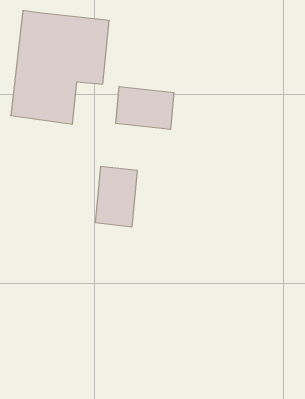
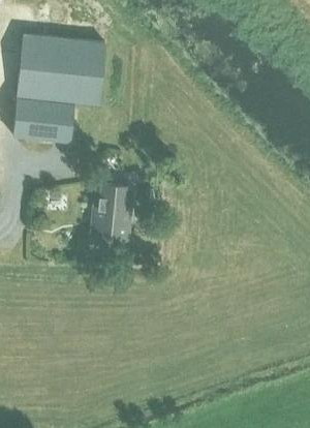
building: [116,86,174,130] -> none

